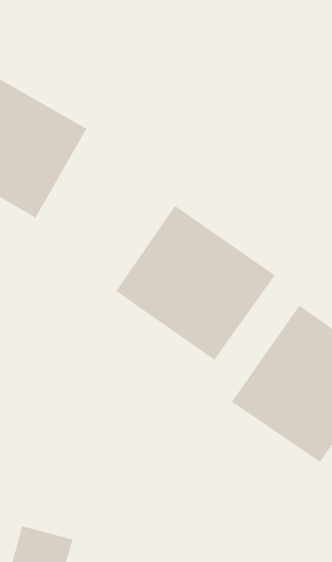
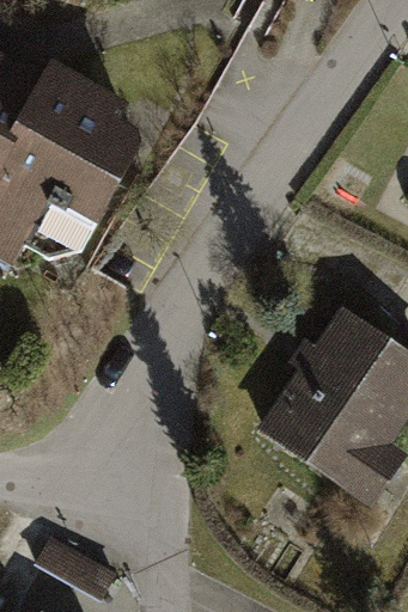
building: [115,205,276,361] -> none

